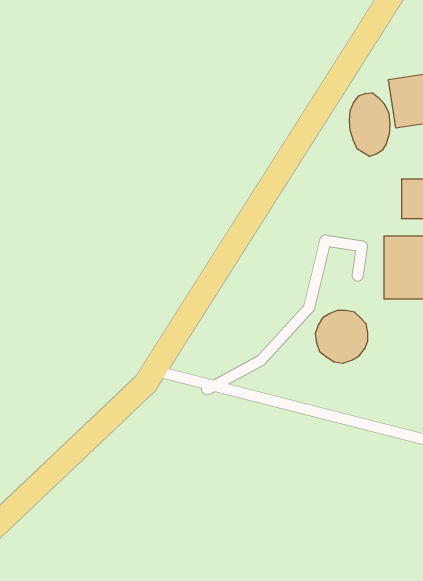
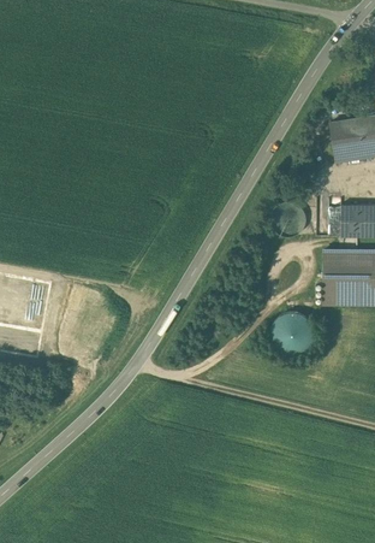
building: [350,93,390,157] -> none

